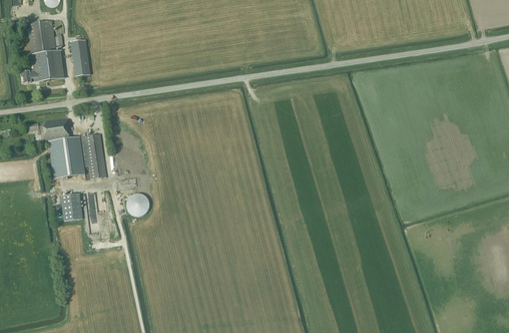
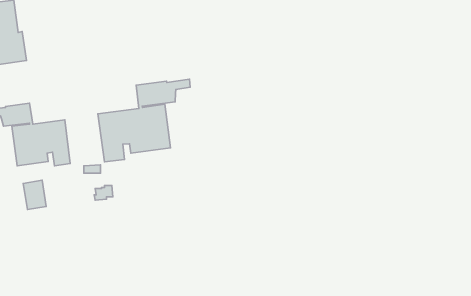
building: [71,39,89,76] -> none
building: none -> [98,79,190,162]

